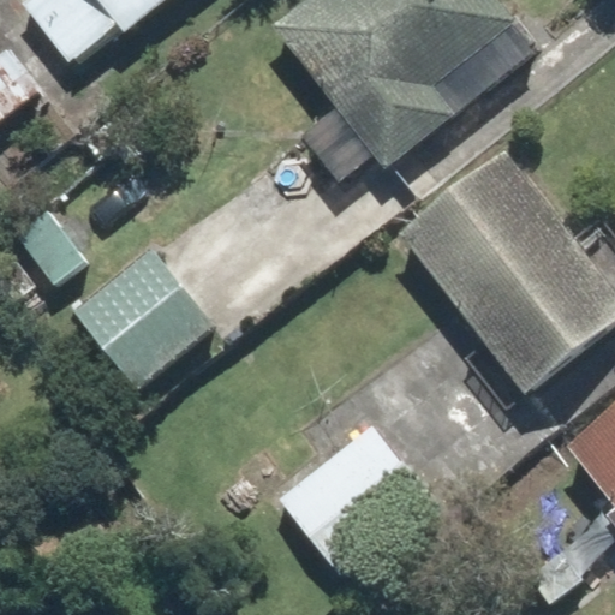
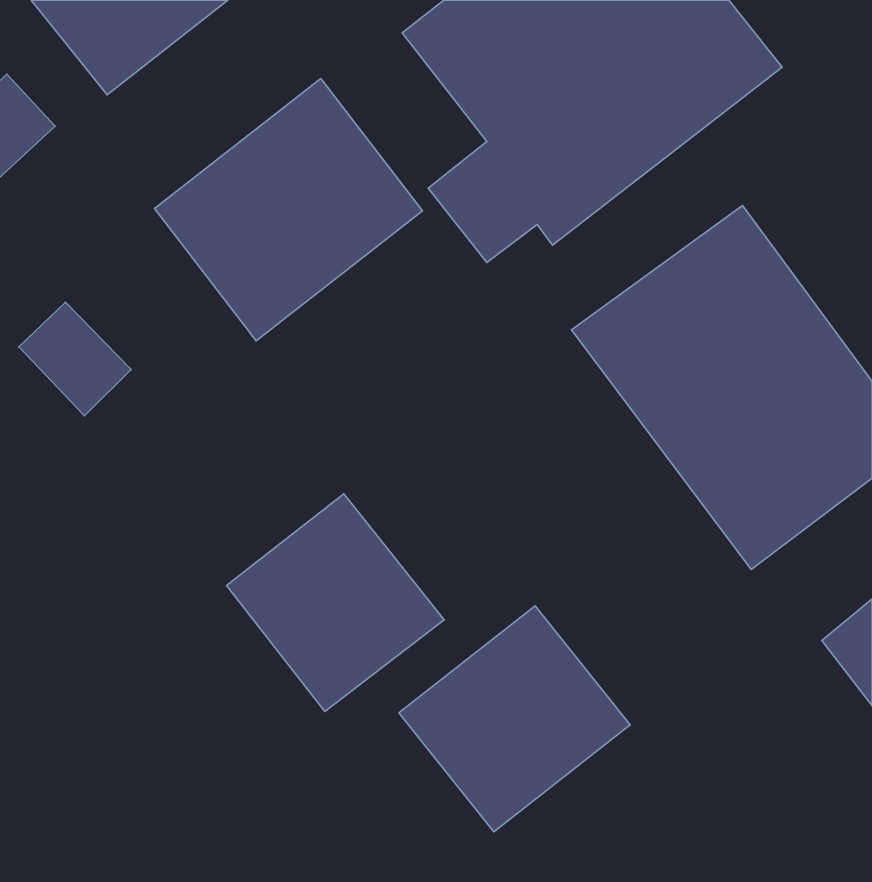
building: none -> [155,79,422,341]
building: [67,245,219,396] -> [226,494,444,711]

